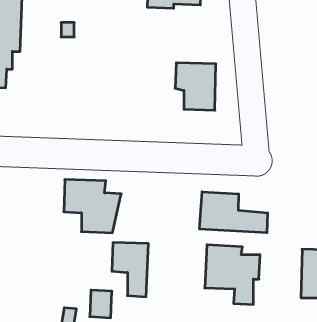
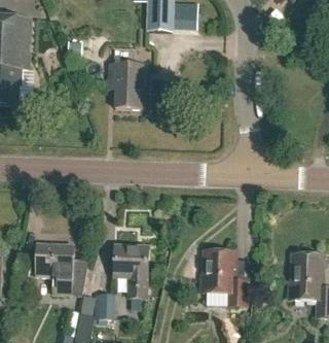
building: [175,63,216,110] -> [108,65,146,109]
building: [64,180,121,233] -> [35,246,88,296]
building: [200,192,268,233] -> none

